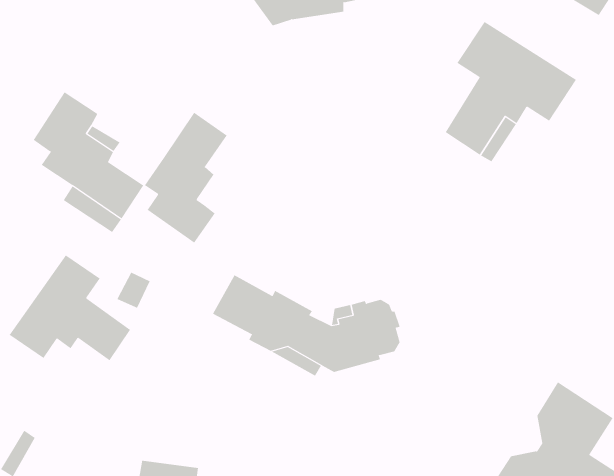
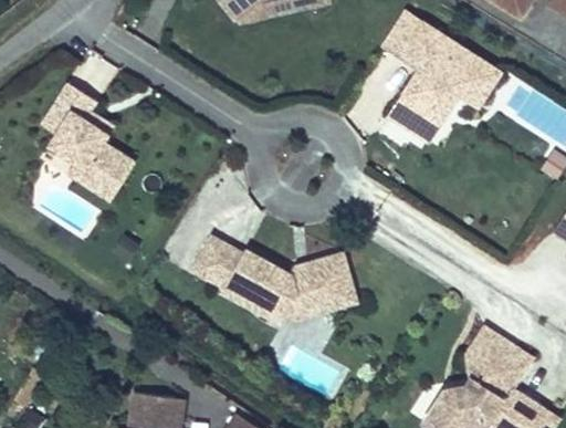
building: none -> [380,9,422,56]
building: [144,112,227,243] -> none
building: [9,254,131,361] -> none

